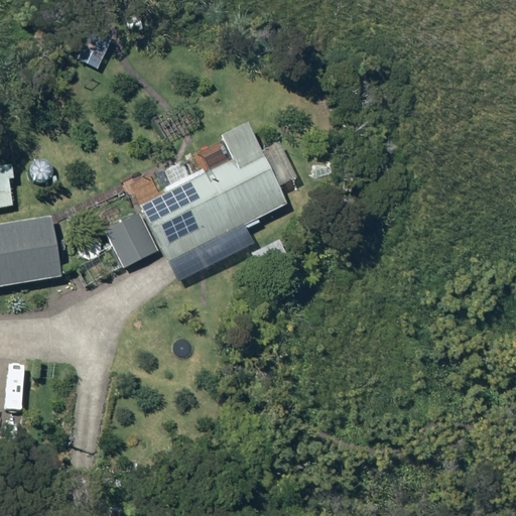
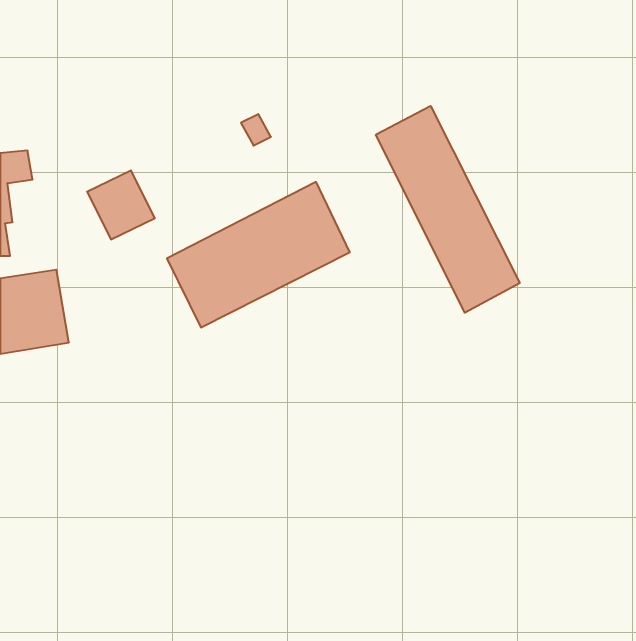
building: none -> [376,106,520,313]
building: [104,214,158,269] -> [87,170,155,239]

